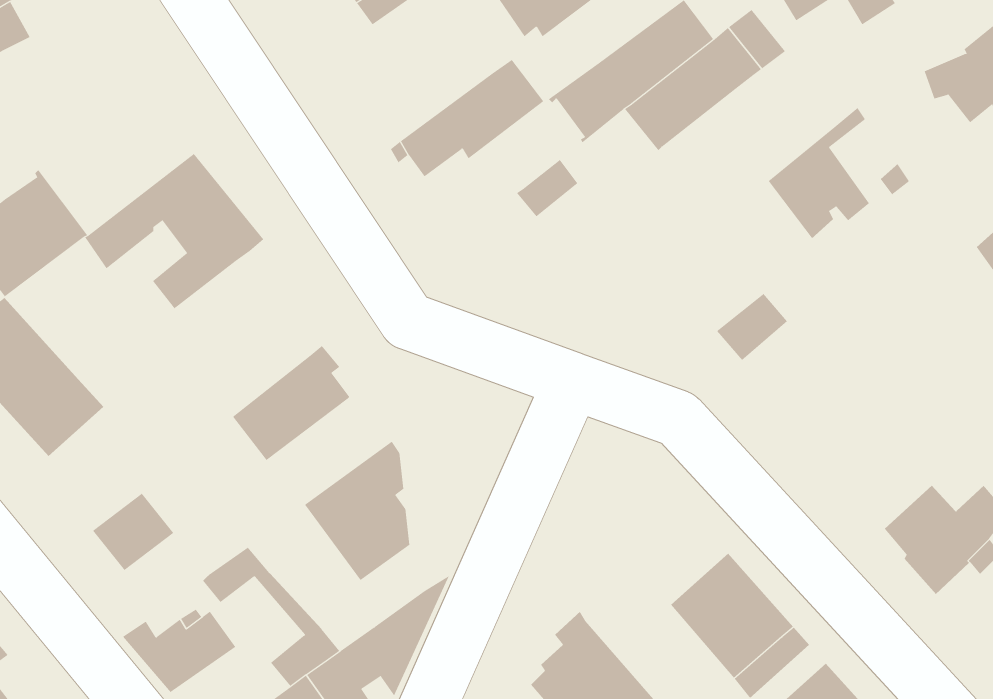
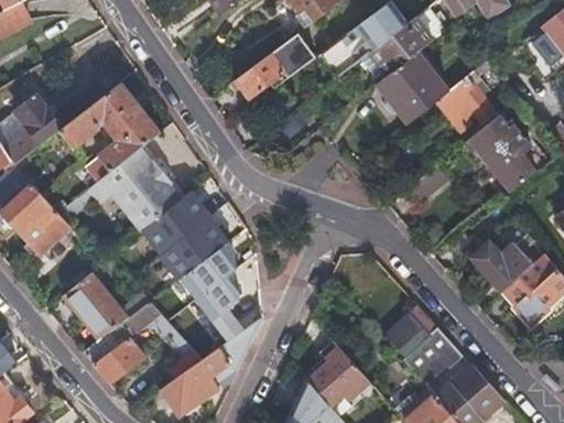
building: none -> [379,51,449,123]
building: none -> [468,116,545,192]
building: none -> [90,145,185,231]
building: none -> [470,219,544,293]
building: none -> [160,221,231,282]
building: none -> [83,295,129,339]

